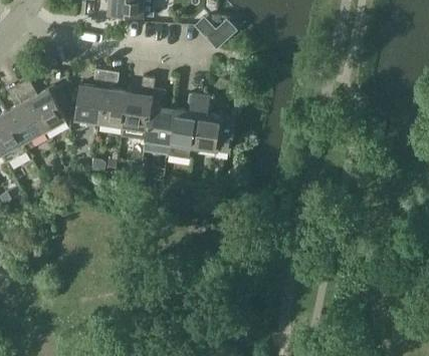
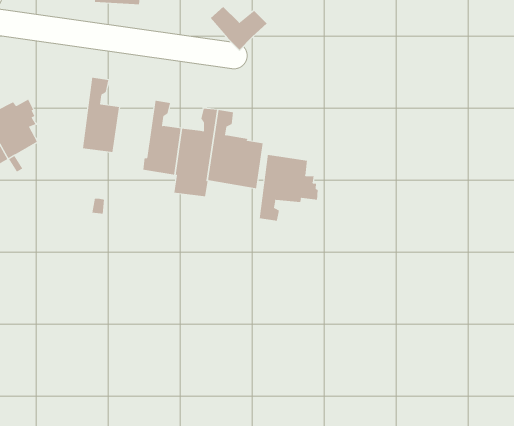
building: [74,68,106,123] -> none
building: [123,76,156,130] -> none
building: none -> [259,154,318,222]

